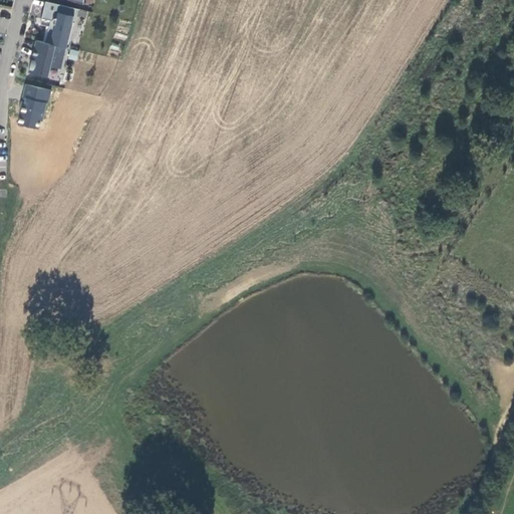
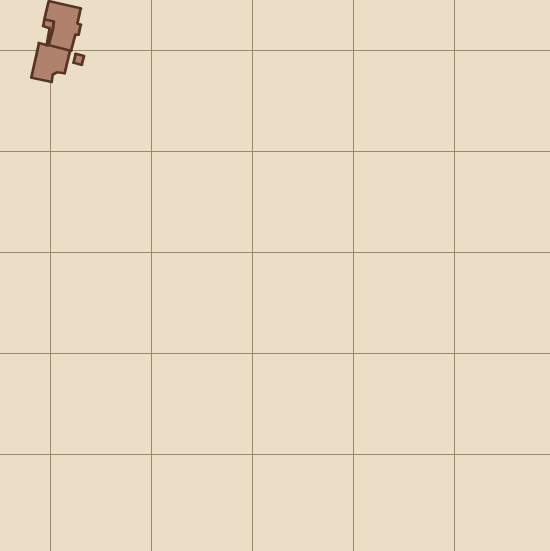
building: [18,84,49,128] -> none

